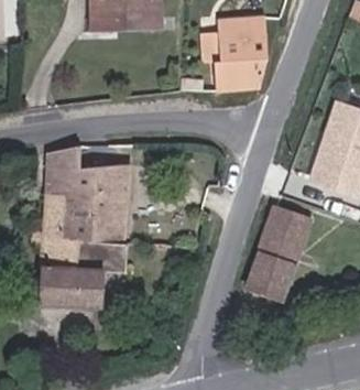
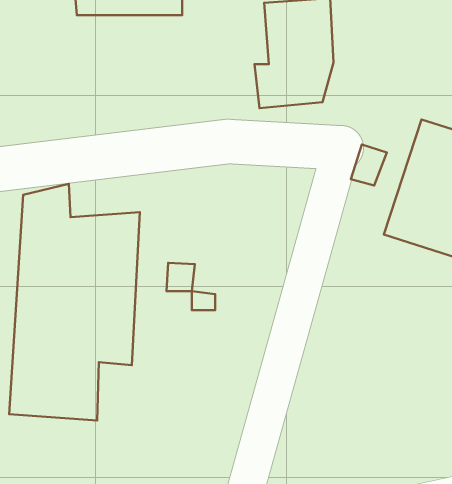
building: [244,206,313,305] -> none

